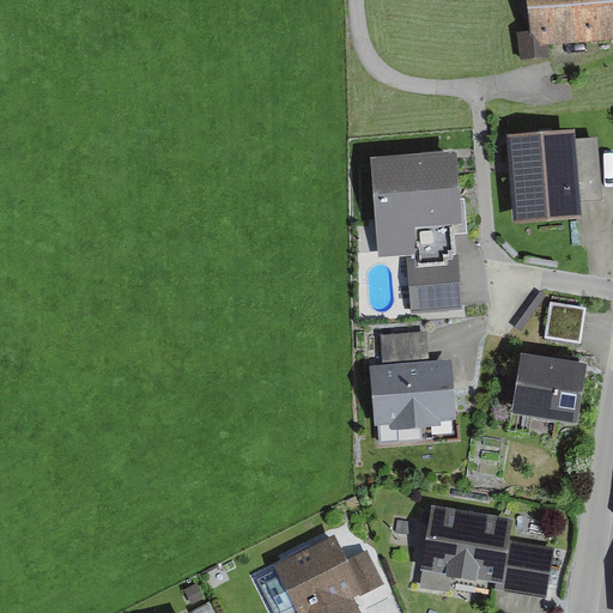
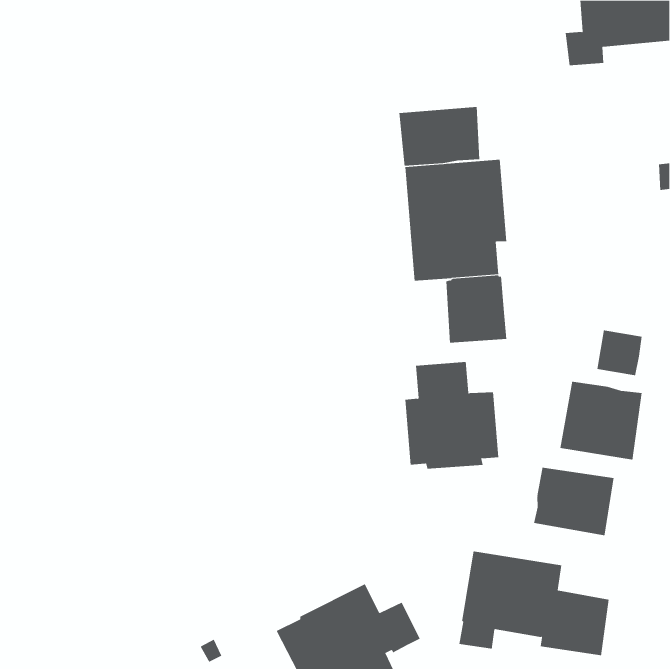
building: none -> [399,106,480,166]
building: [506,127,601,221] -> none
building: none -> [534,467,614,536]

